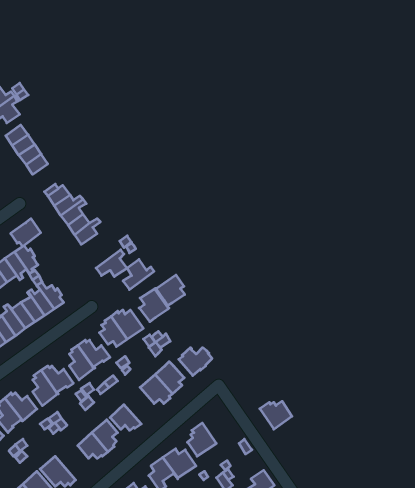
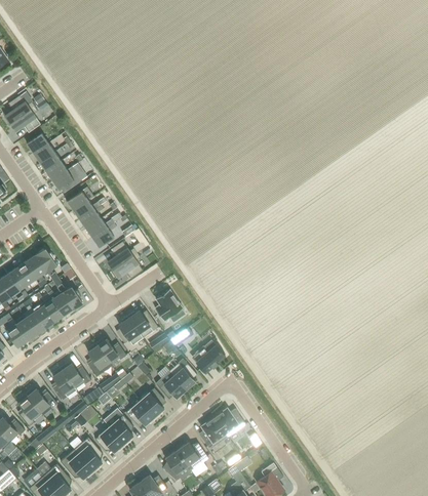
building: [11,219,41,247] -> [52,167,81,194]
building: [123,259,154,290] -> [107,242,137,271]
building: [156,275,185,306] -> none
building: none -> [140,388,164,419]
building: [260,401,292,429] -> [215,411,245,438]
building: none -> [74,438,103,472]

